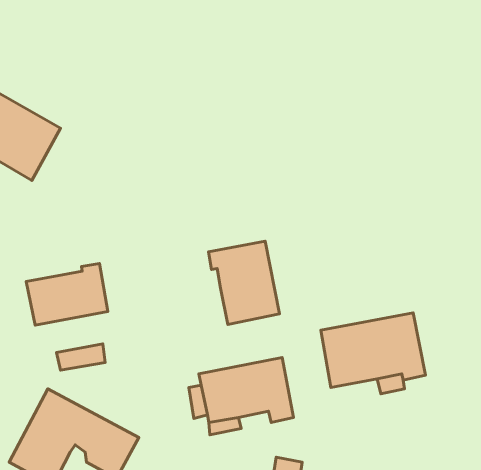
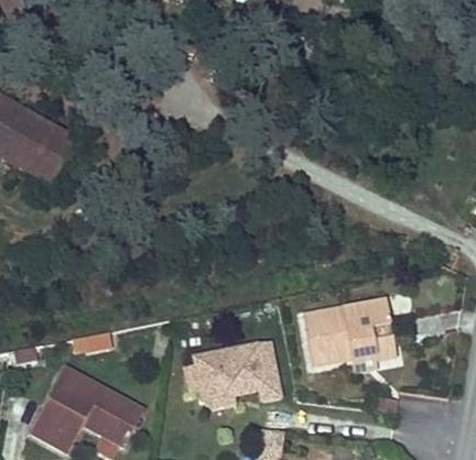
building: [209,241,279,325] -> none
building: [26,264,108,325] -> none

